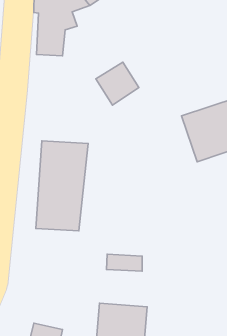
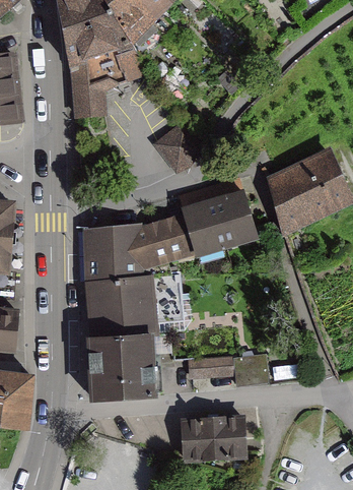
building: none -> [149,192,256,273]
building: none -> [85,332,160,391]

